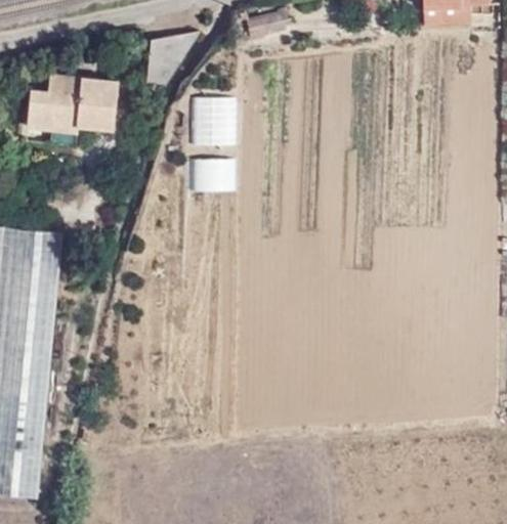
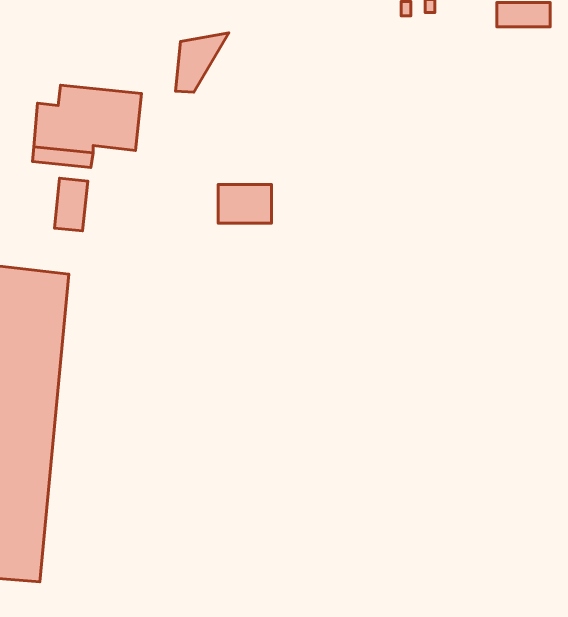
building: [250,9,294,39] -> none
building: [191,96,237,143] -> none
building: none -> [55,178,88,231]

